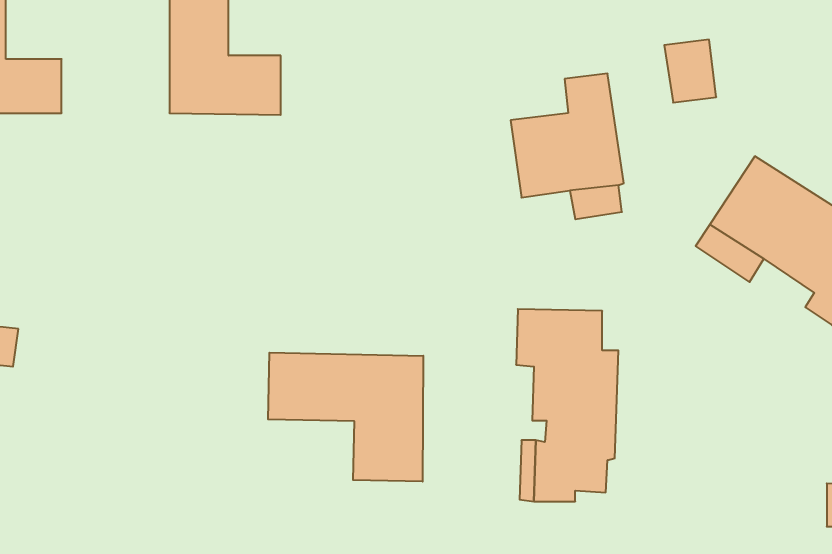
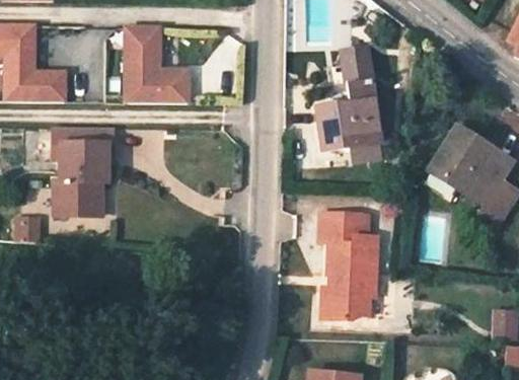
building: [664,40,716,103] -> [342,47,371,82]
building: none -> [53,128,113,214]
building: [268,353,423,482] -> none

